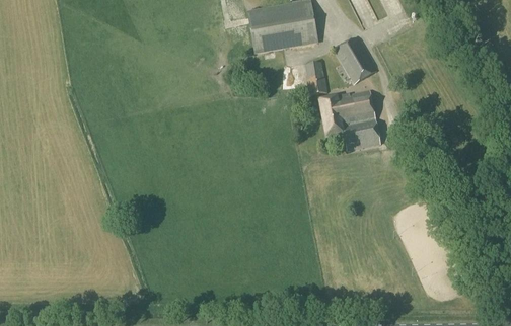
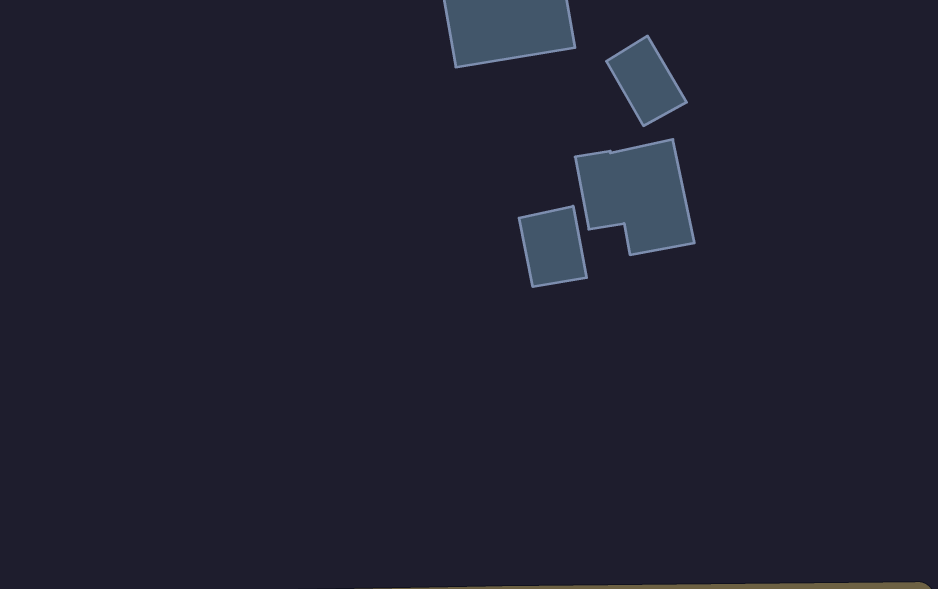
building: [303,62,326,95] -> none
building: none -> [519,206,587,287]

